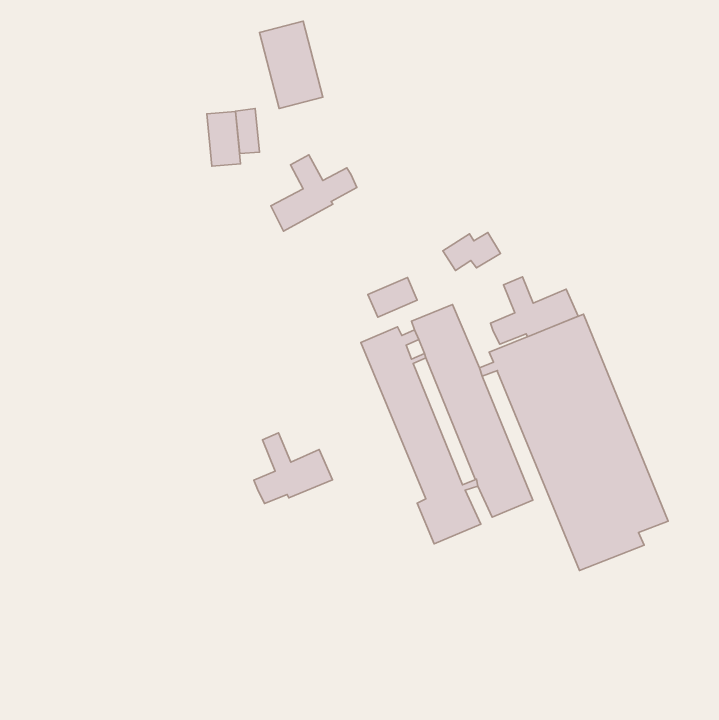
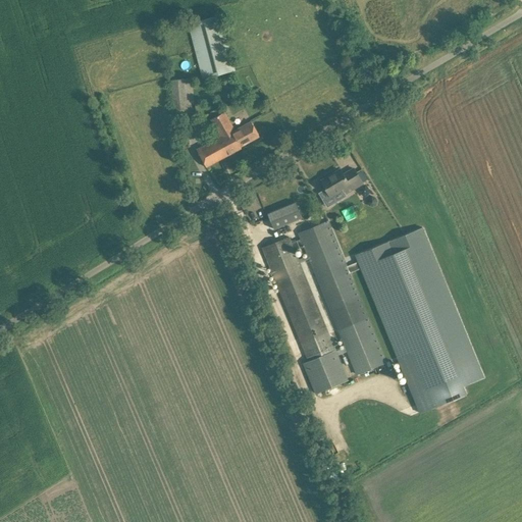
building: [207,111,241,166] -> none
building: [490,277,578,344] -> none
building: [254,433,333,504] -> none

